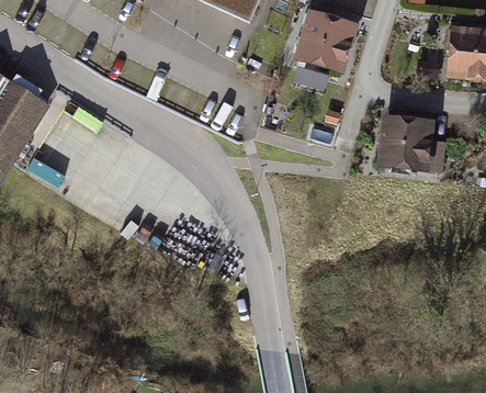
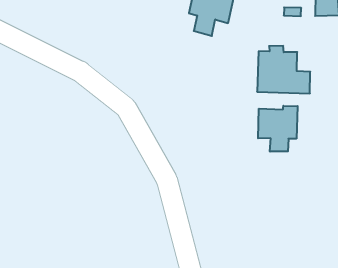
building: none -> [258,106,298,152]

